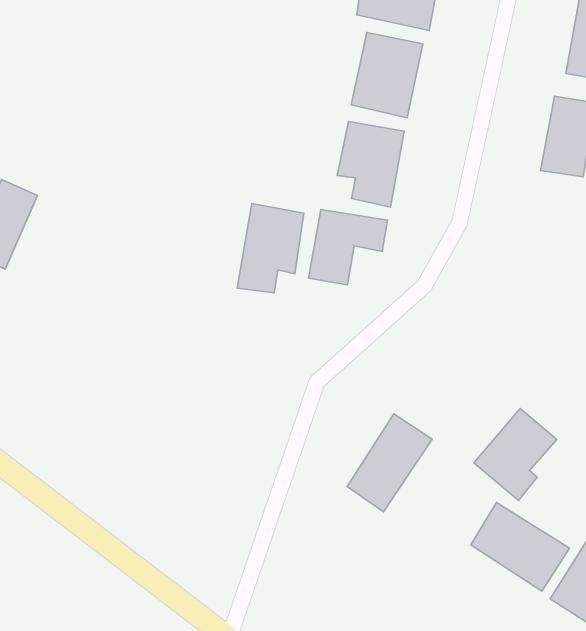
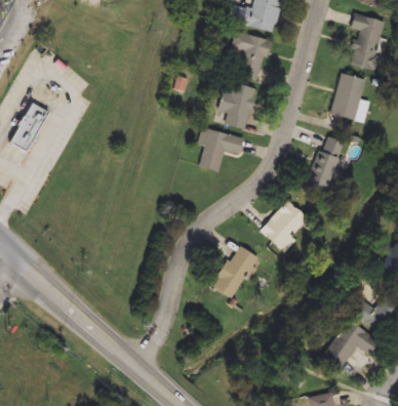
building: [237,203,304,293] -> none
building: none -> [306,136,342,193]
building: [474,409,557,500] -> [261,201,308,252]
building: [471,502,569,591] -> none

